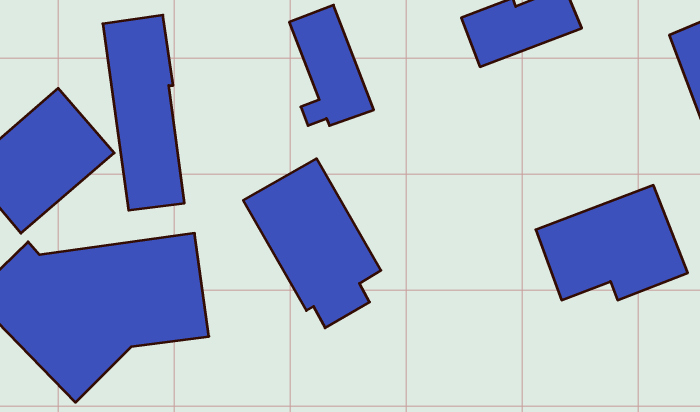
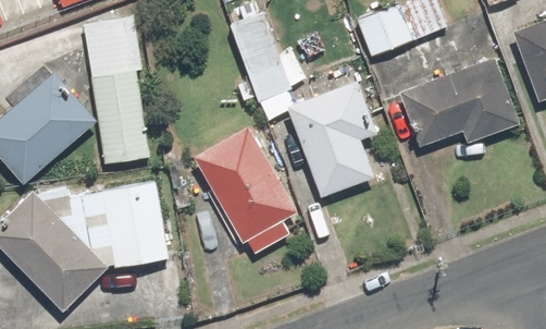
building: none -> [286,81,376,198]
building: [536,185,688,300] -> [404,58,519,145]

